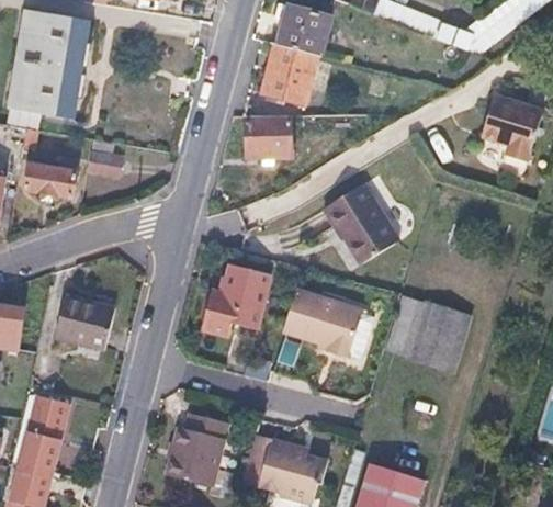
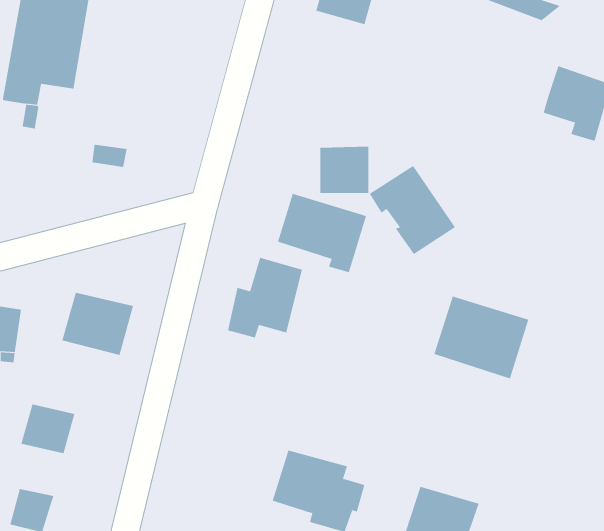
building: [266,45,323,105] -> none
building: [247,114,291,156] -> [319,146,369,194]
building: [22,165,75,198] -> none
building: [283,289,362,359] -> [277,193,367,273]
building: [165,410,227,486] -> none
building: [19,429,58,473] -> none

